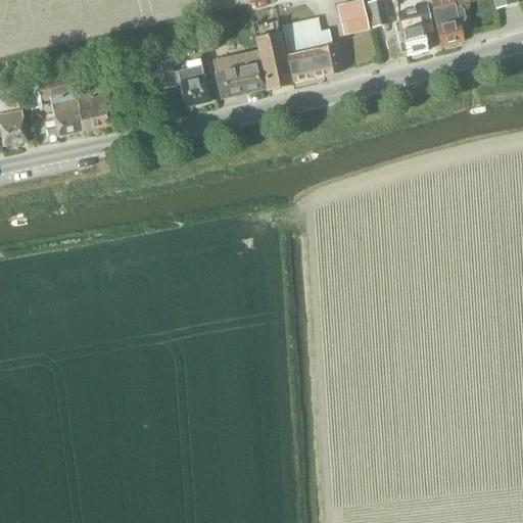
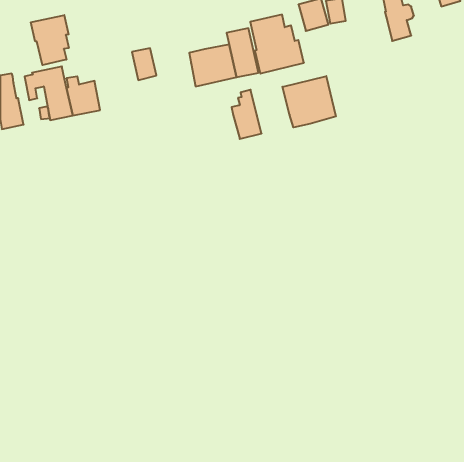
building: [397,4,433,54] -> none
building: none -> [31,15,69,65]
building: [177,51,210,106] -> [232,90,262,139]
building: none -> [282,76,336,127]

